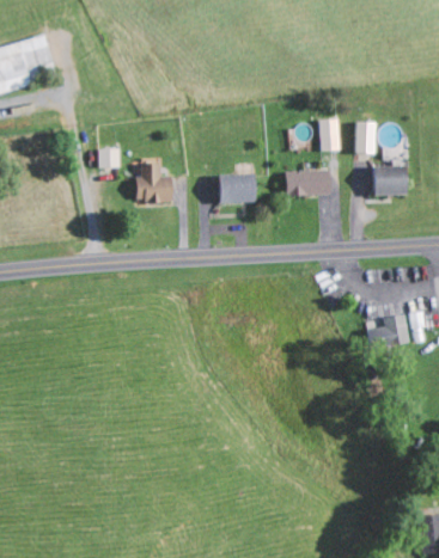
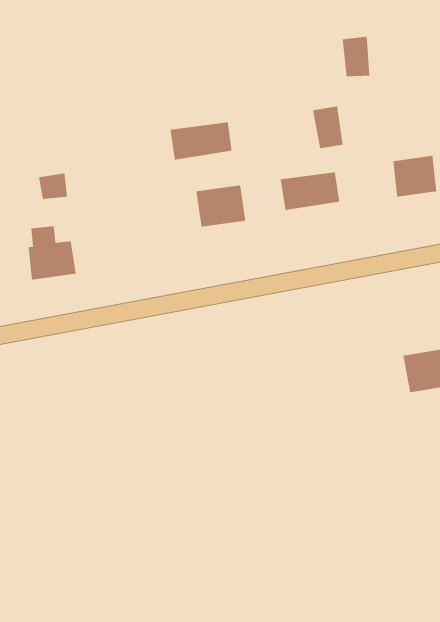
building: none -> [170,121,232,161]
building: [355,122,376,153] -> [342,36,370,77]
building: [136,163,172,203] -> [28,226,76,280]

